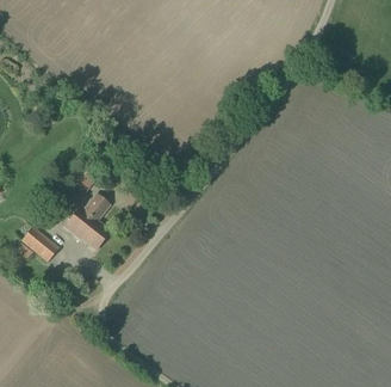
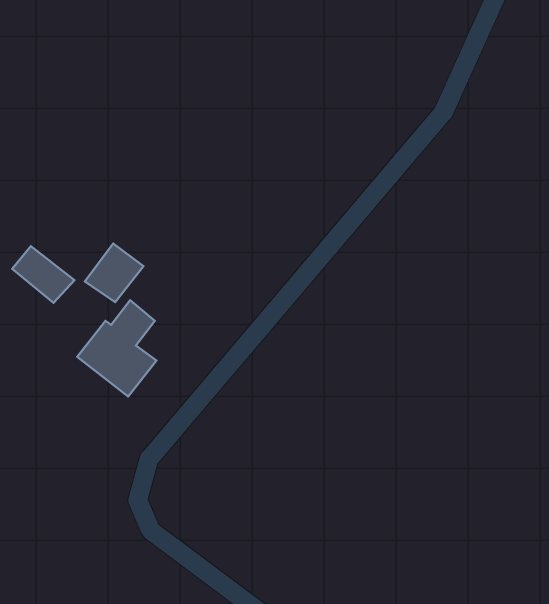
building: [20,226,60,262] -> [12,246,74,303]

